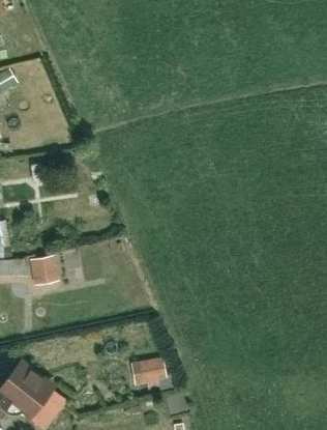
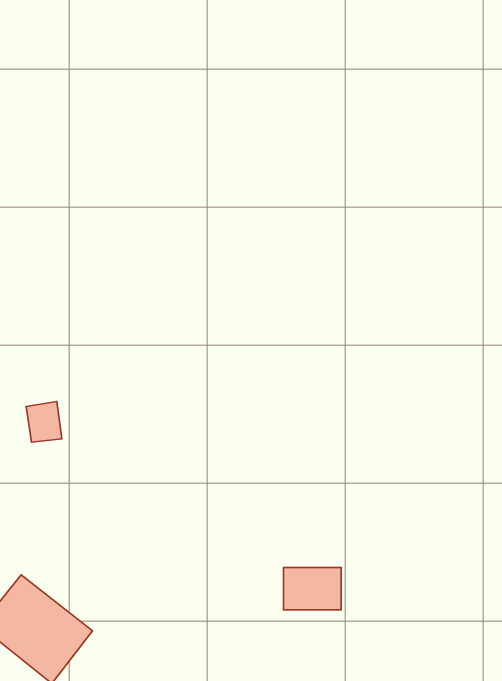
building: [131,359,167,384] -> [284,567,341,610]

